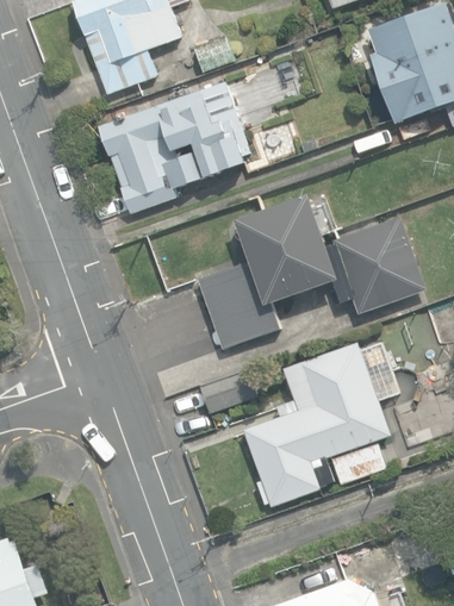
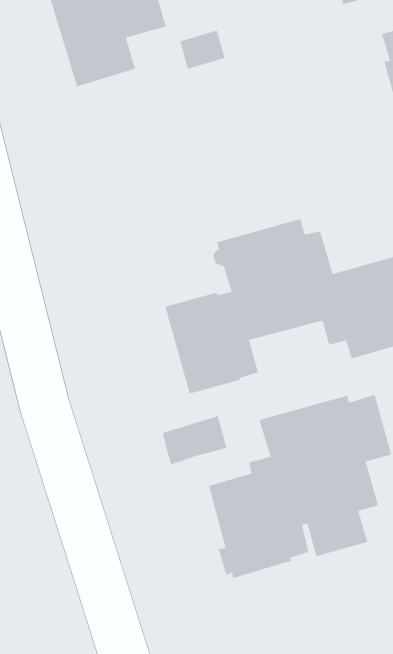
building: [98,81,256,212] -> none

